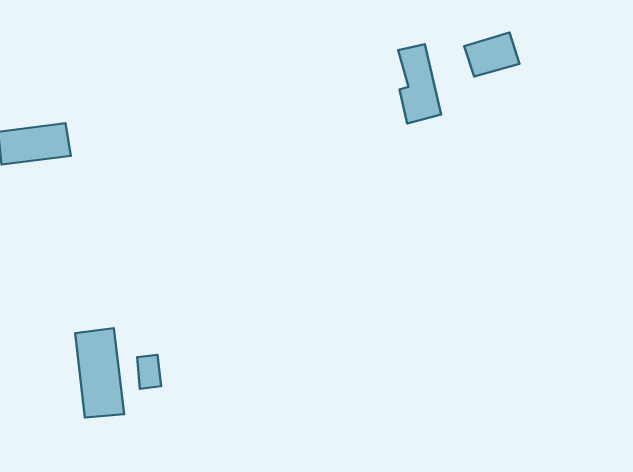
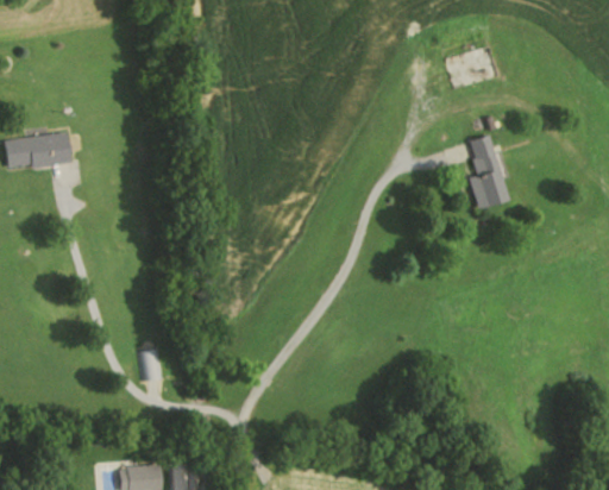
building: [398,44,441,123] -> [469,134,509,209]
building: [75,328,124,418] -> none

